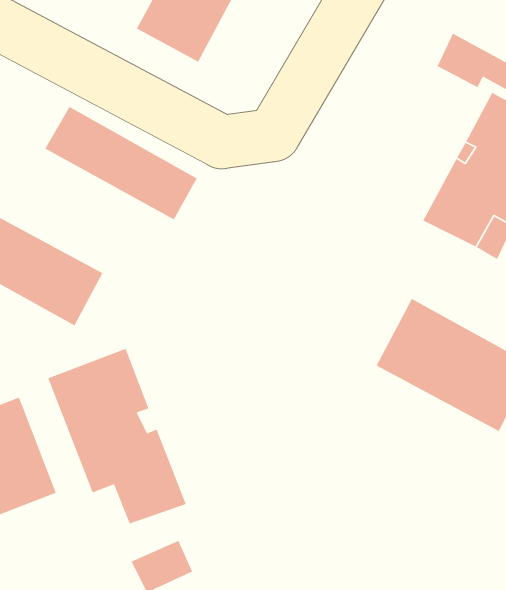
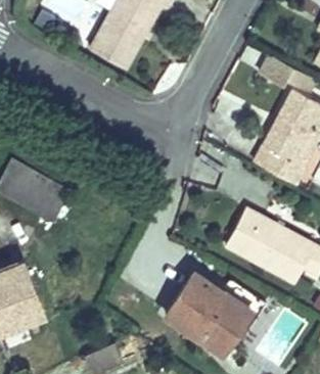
building: [44,106,198,221] -> none
building: [47,348,187,524] -> none
building: none -> [162,272,264,353]

